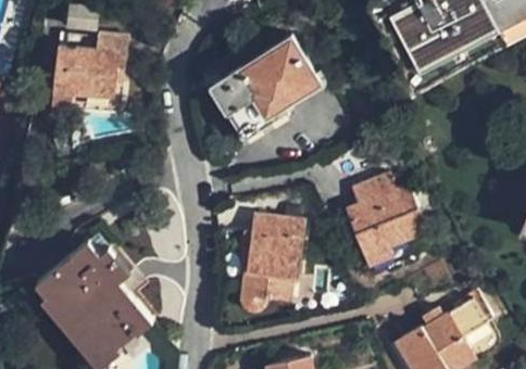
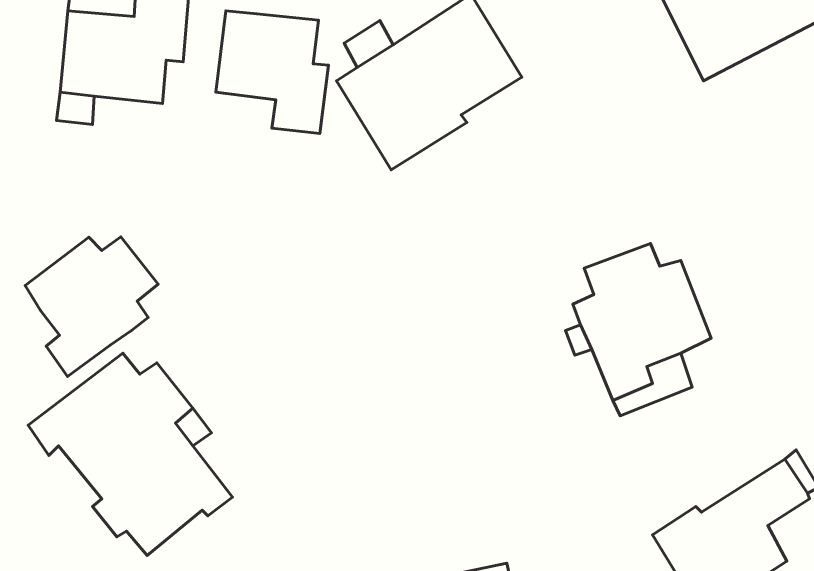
building: none -> [216,11,329,133]
building: none -> [25,237,158,377]
building: [240,217,304,309] -> none

